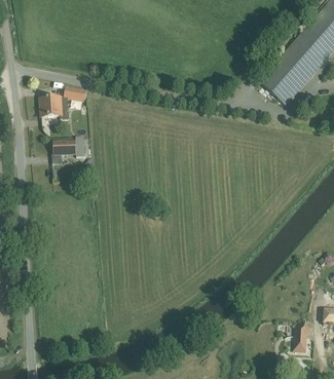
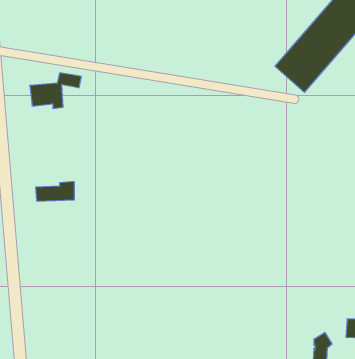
building: [53,136,88,153] -> [36,182,74,201]

